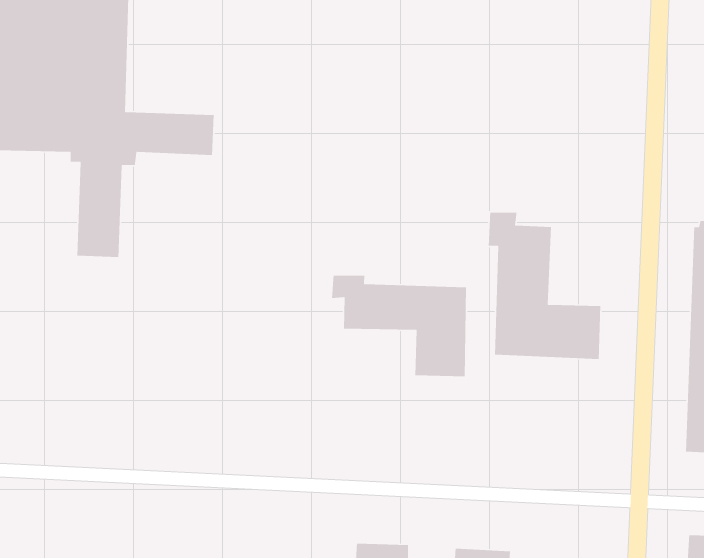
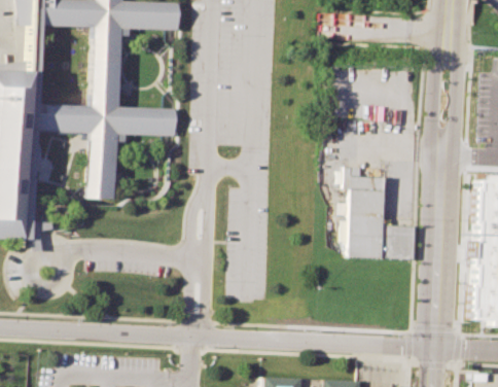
building: [331,275,467,377] -> none

